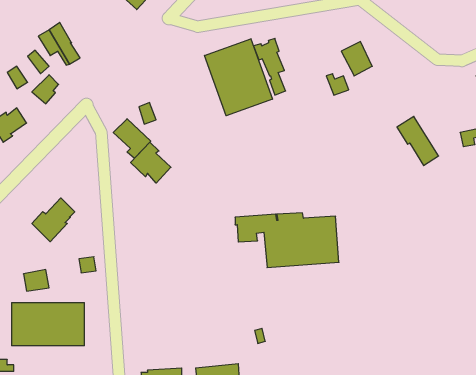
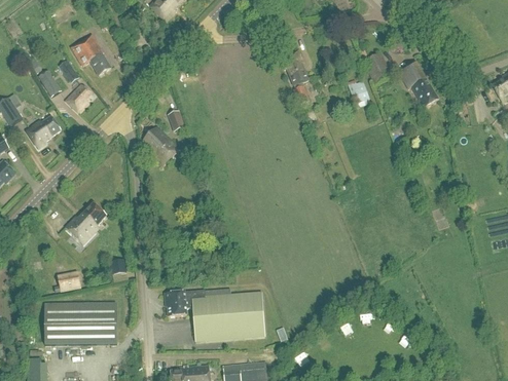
building: [205,39,272,116] -> none
building: [397,116,439,166] -> [398,62,438,109]
building: [131,142,171,183] -> none
building: [235,213,339,268] -> [165,289,264,341]

